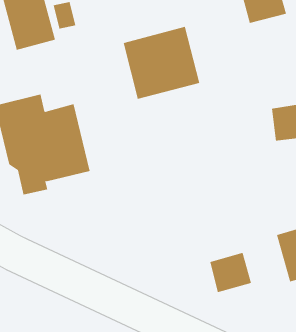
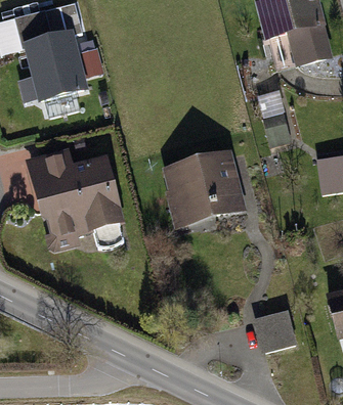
building: [123,26,200,100] -> [163,148,245,226]

